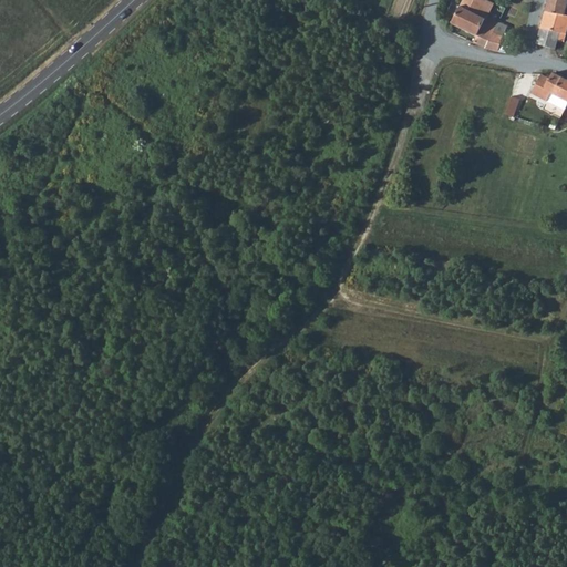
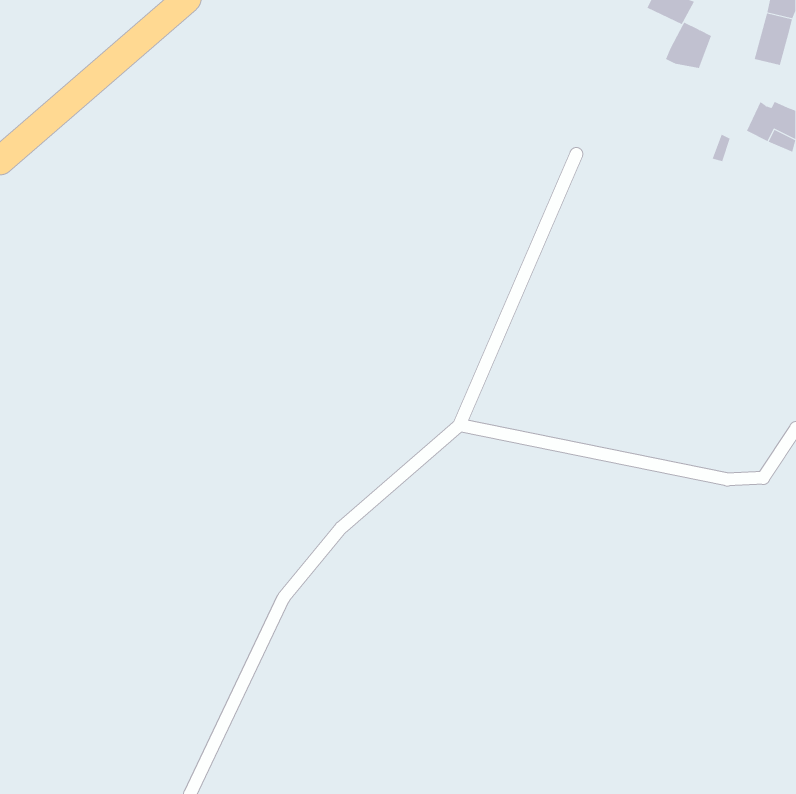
building: [452,6,485,34] -> none

